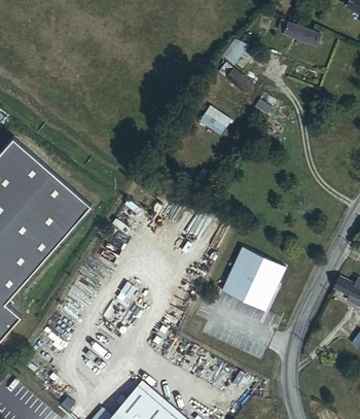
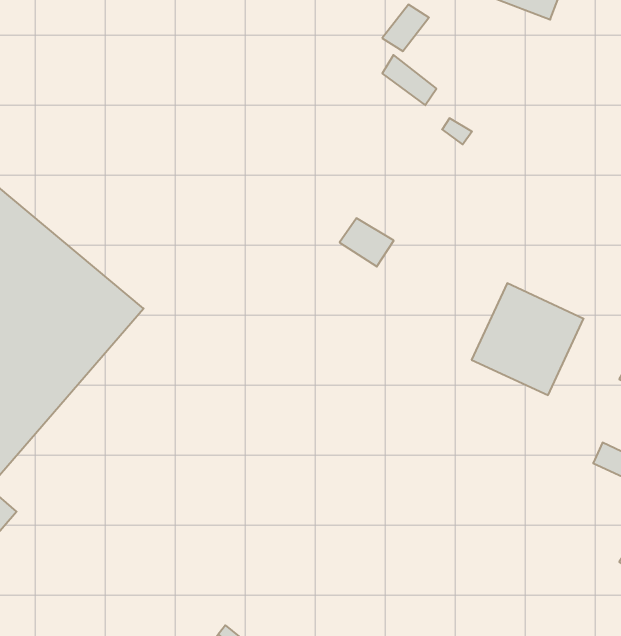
building: [202,108,231,135] -> [340,218,394,267]
building: [224,250,286,312] -> [472,283,584,395]

